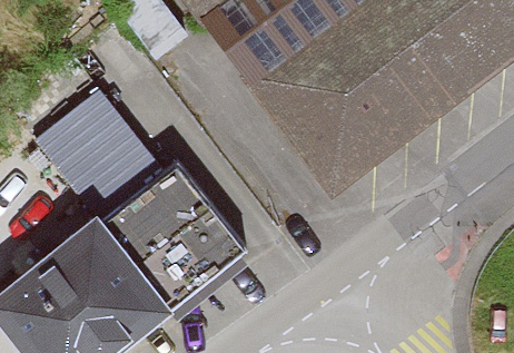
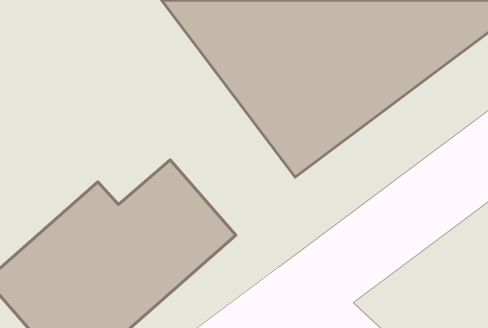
building: [32,86,140,192] -> none

